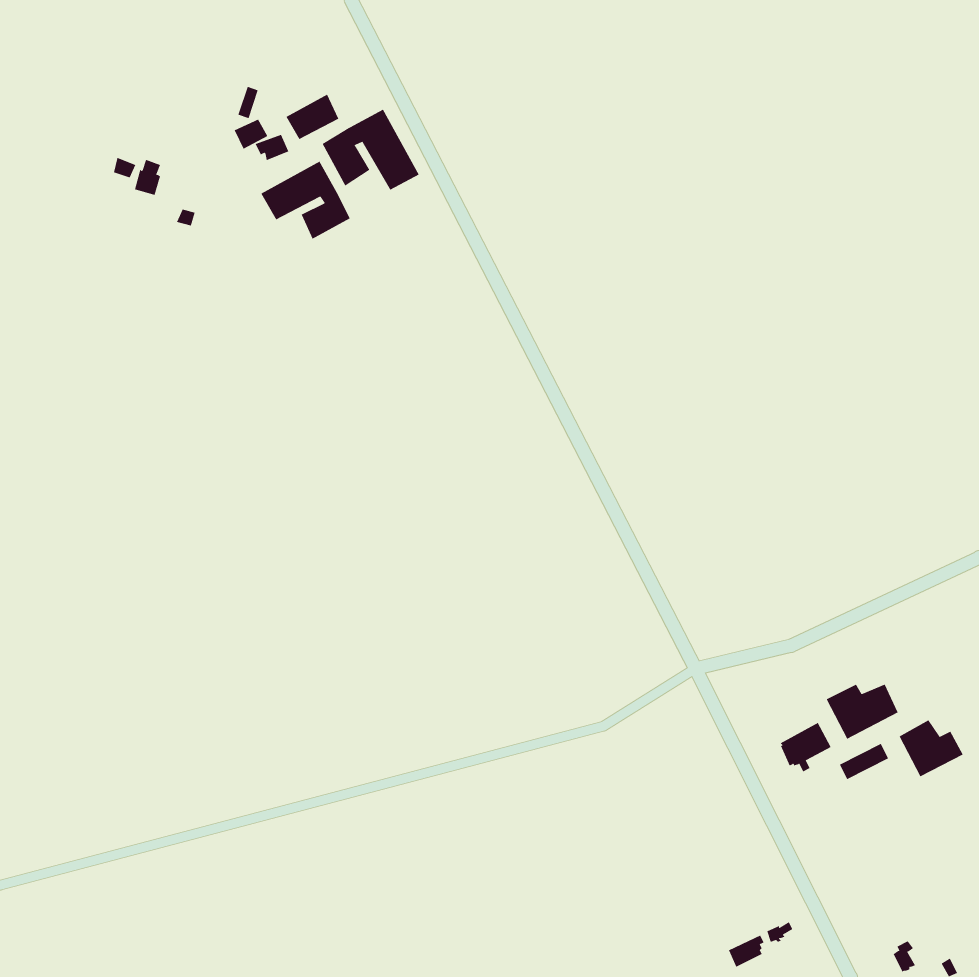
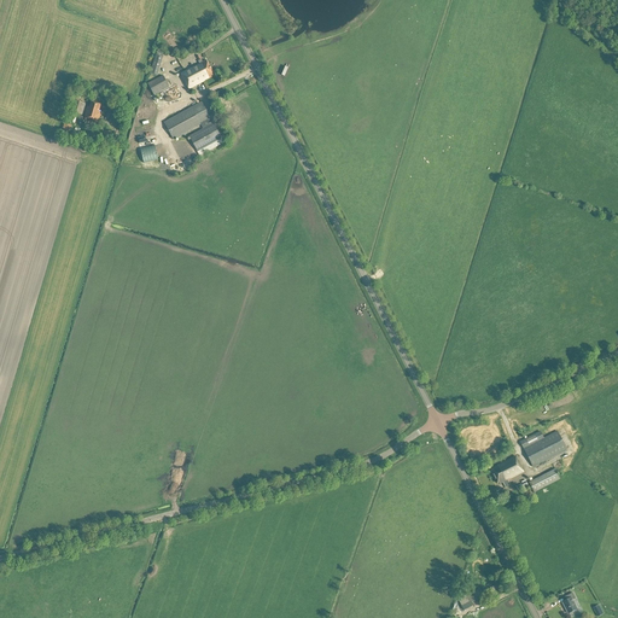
building: [322,109,420,191] -> none
building: [899,720,964,777] -> none

